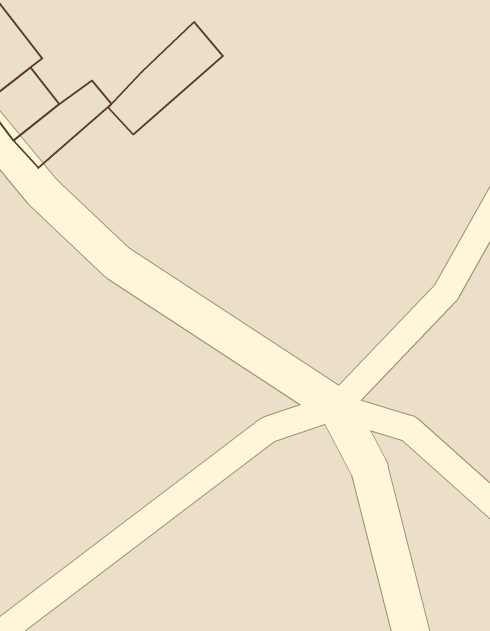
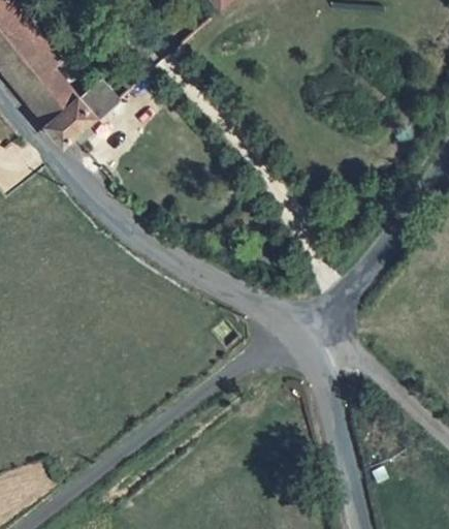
building: [108,22,223,134] -> none

